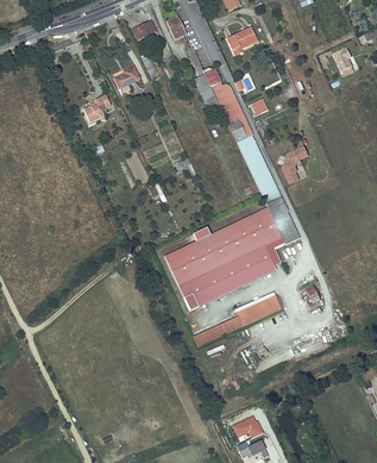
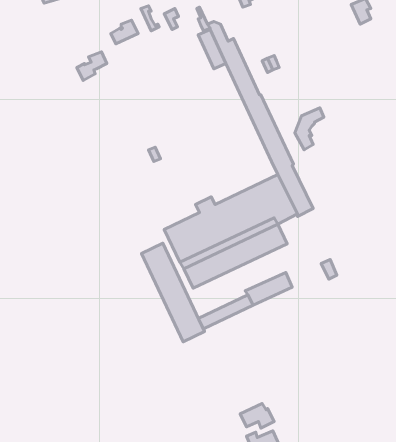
building: none -> [141,243,204,342]

